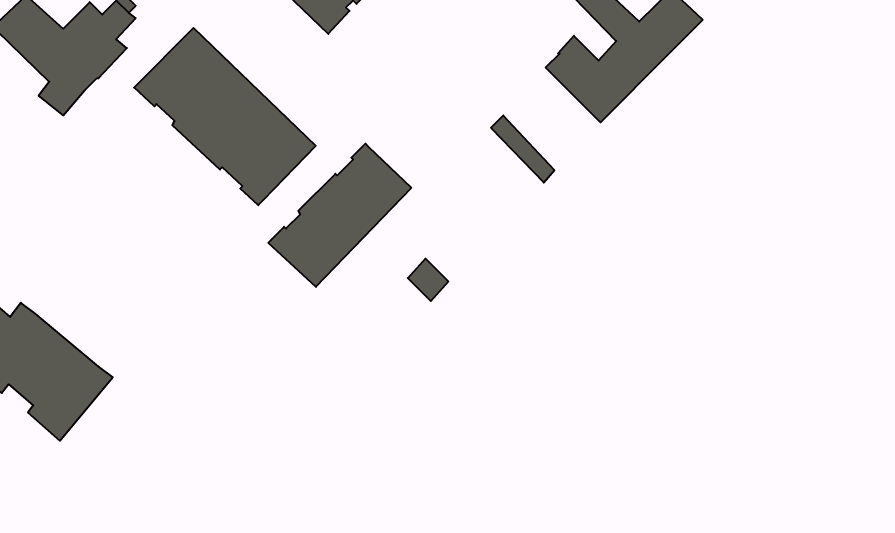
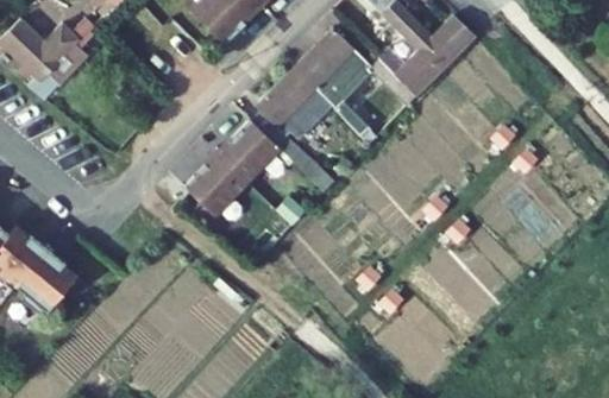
building: none -> [252,27,366,190]
building: [134,28,316,205] -> none

